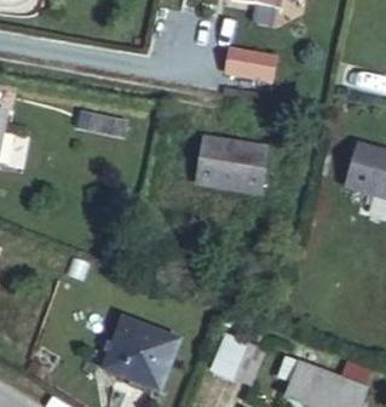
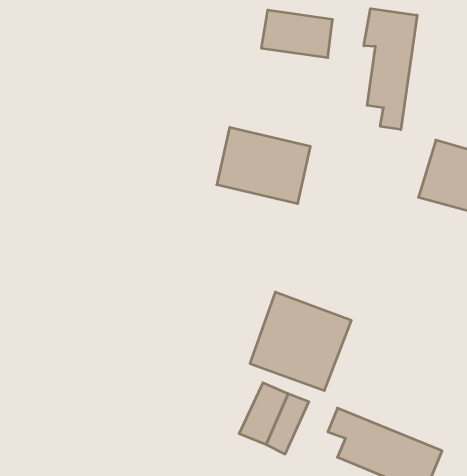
building: none -> [364,9,417,130]
building: [105,310,183,385] -> [250,292,351,390]

